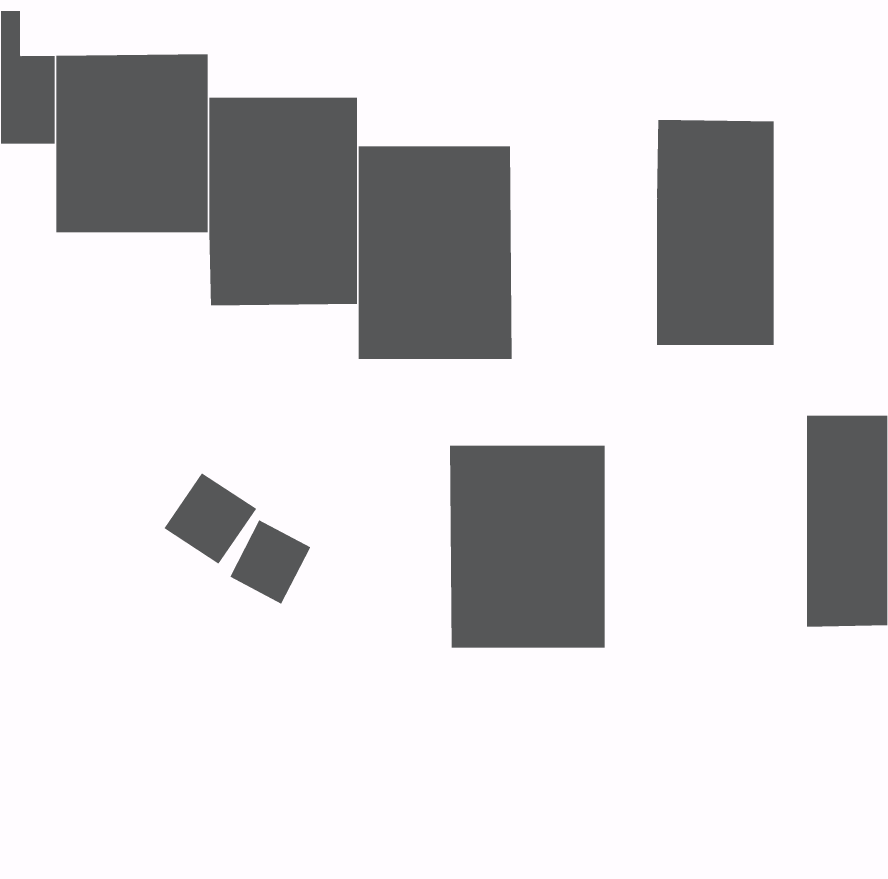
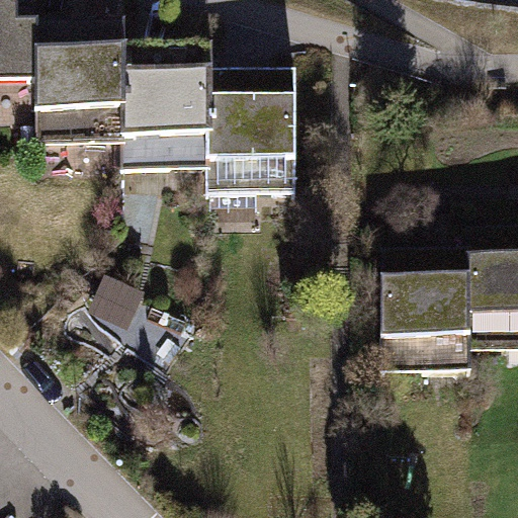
building: [657,119,774,346] -> none
building: [449,445,606,648] -> [378,262,469,380]

